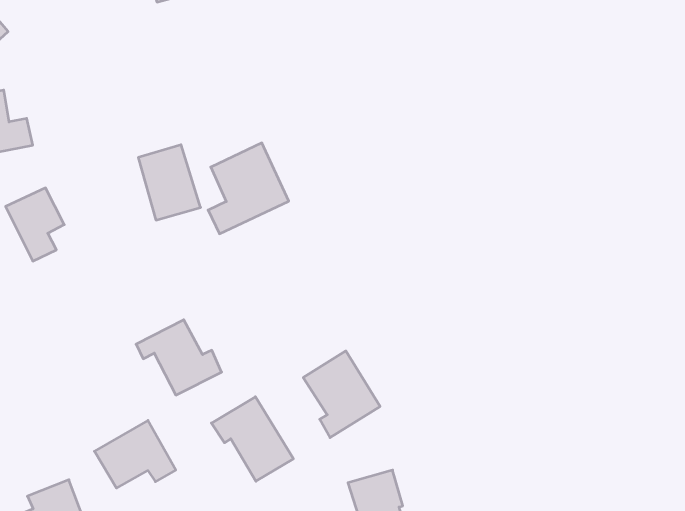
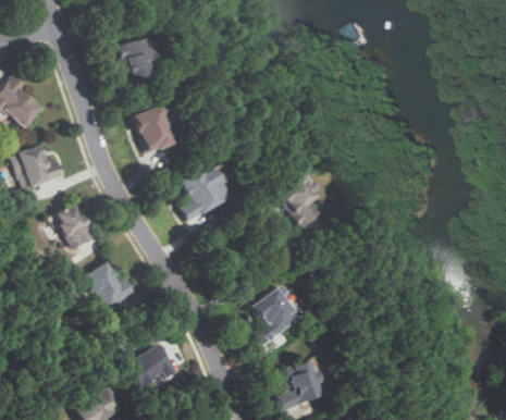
building: [138,145,201,220] -> [134,104,176,153]
building: none -> [281,177,322,227]
building: [136,320,222,395] -> [79,261,135,309]
building: [211,397,293,481] -> none

